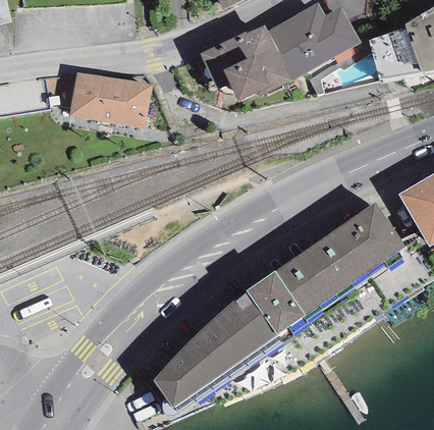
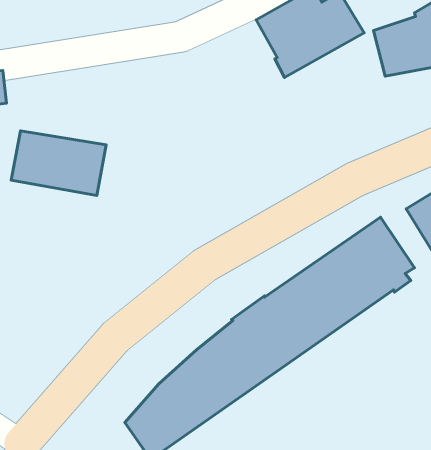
building: [199,24,291,101] -> none
building: [69,72,152,128] -> [11,131,106,195]

